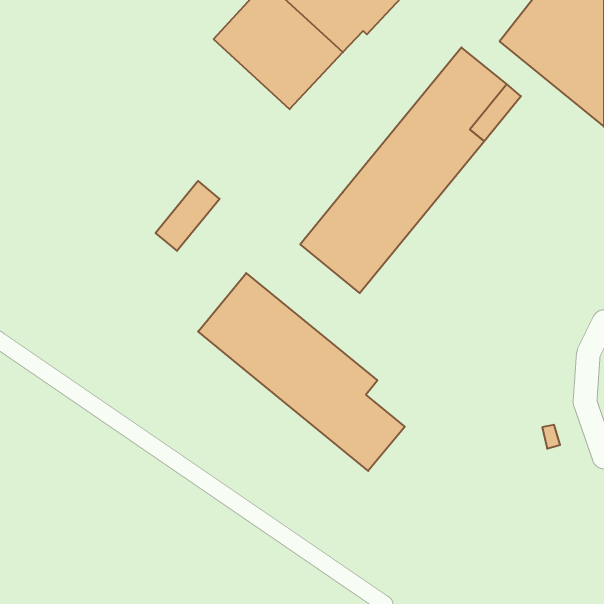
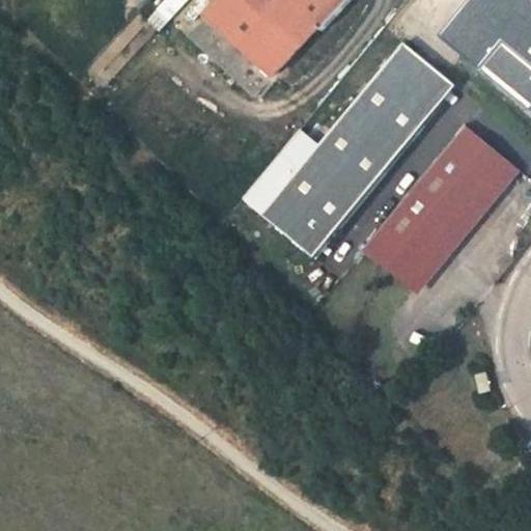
building: none -> [364,123,512,285]
building: [156,181,220,251] -> [244,152,300,214]
building: [198,273,405,471] -> none

